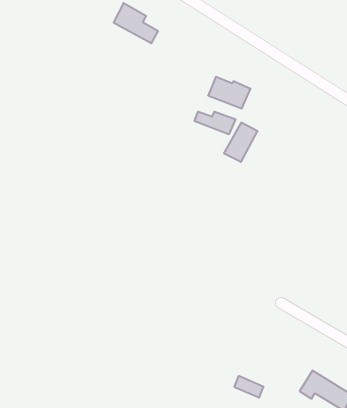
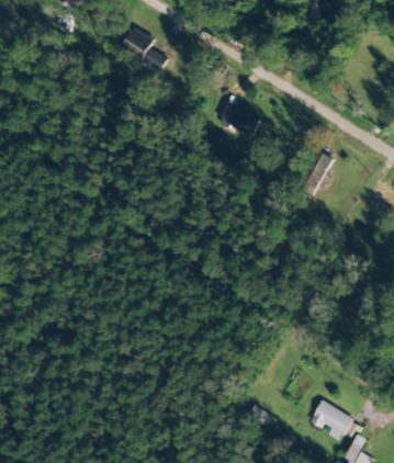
building: [195,112,235,134] -> none
building: [224,123,258,162] -> [299,148,333,188]

